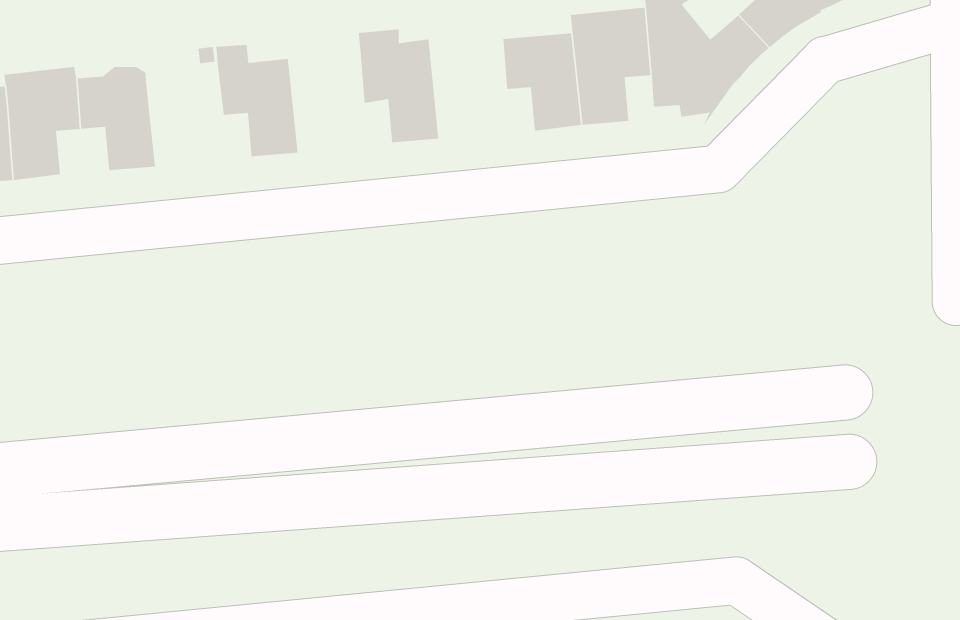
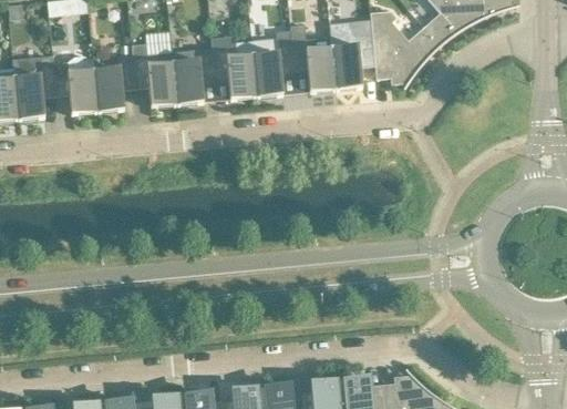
building: none -> [250,30,293,98]
building: none -> [172,49,214,105]
building: none -> [93,57,135,113]

